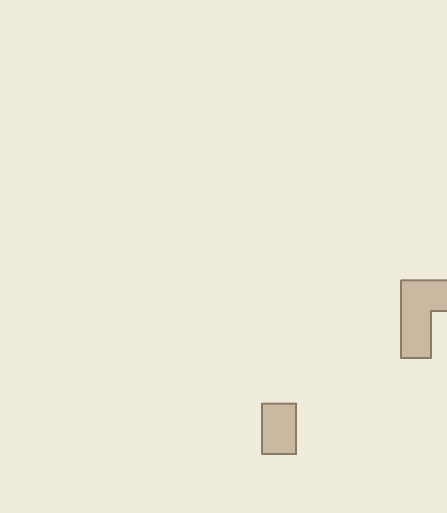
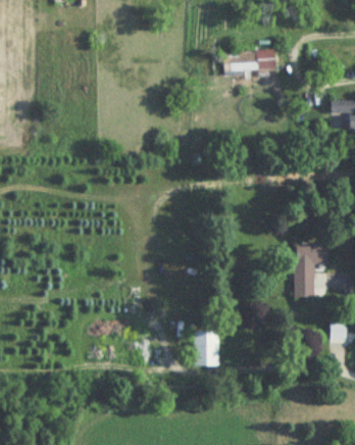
building: none -> [223,51,274,71]

